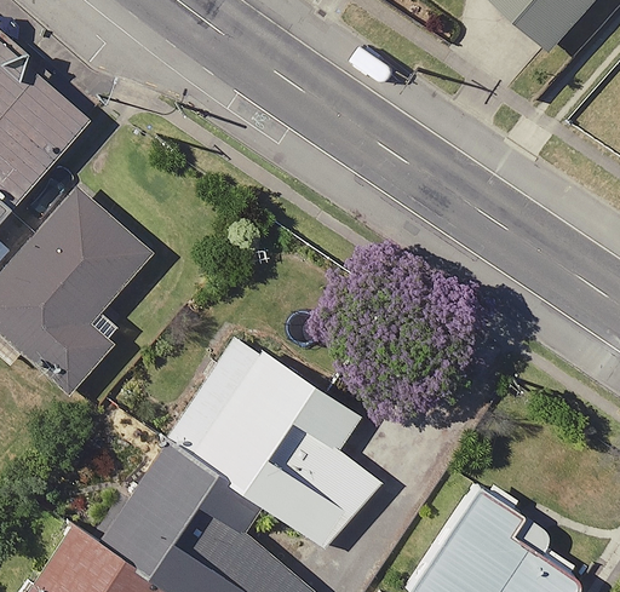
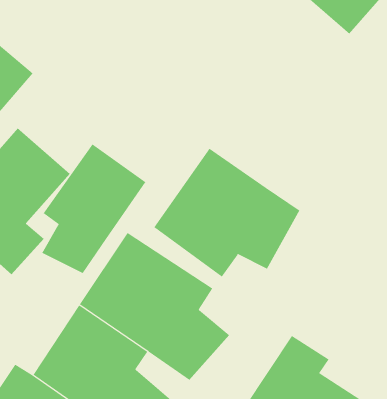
building: none -> [42,144,146,274]
building: none -> [153,148,300,277]

